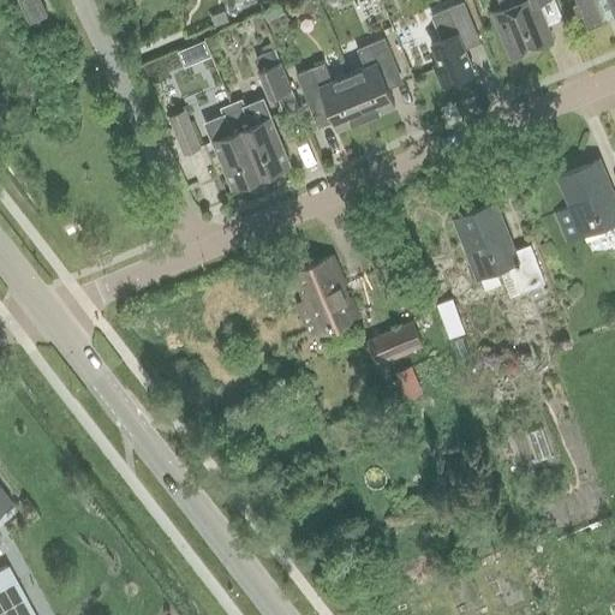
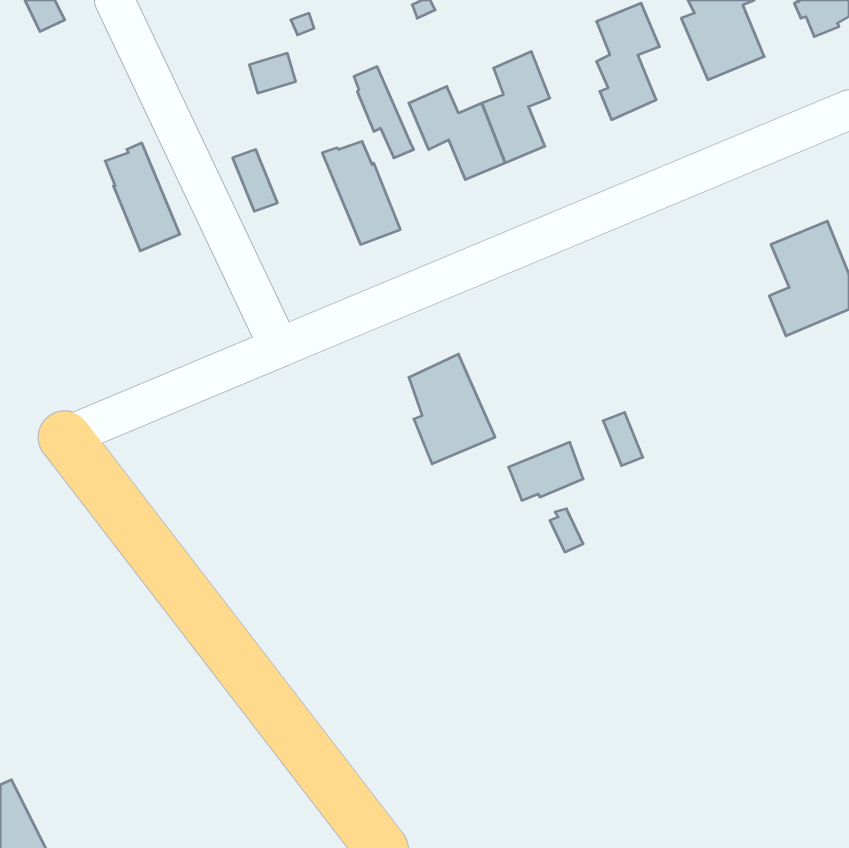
building: [207,112,261,190] -> [105,143,180,251]
building: [454,204,545,294] -> none

